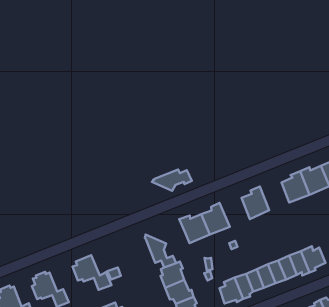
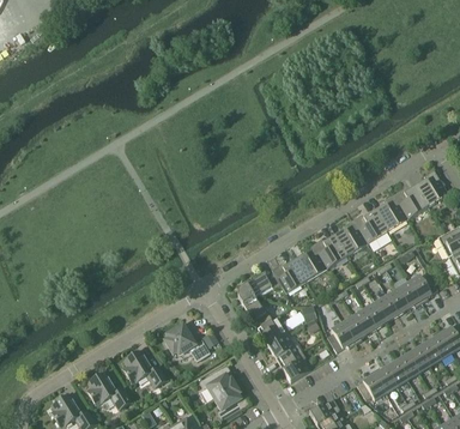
building: [152,170,192,191] -> [237,272,280,297]
building: none -> [352,210,387,242]
building: none -> [311,234,347,267]

